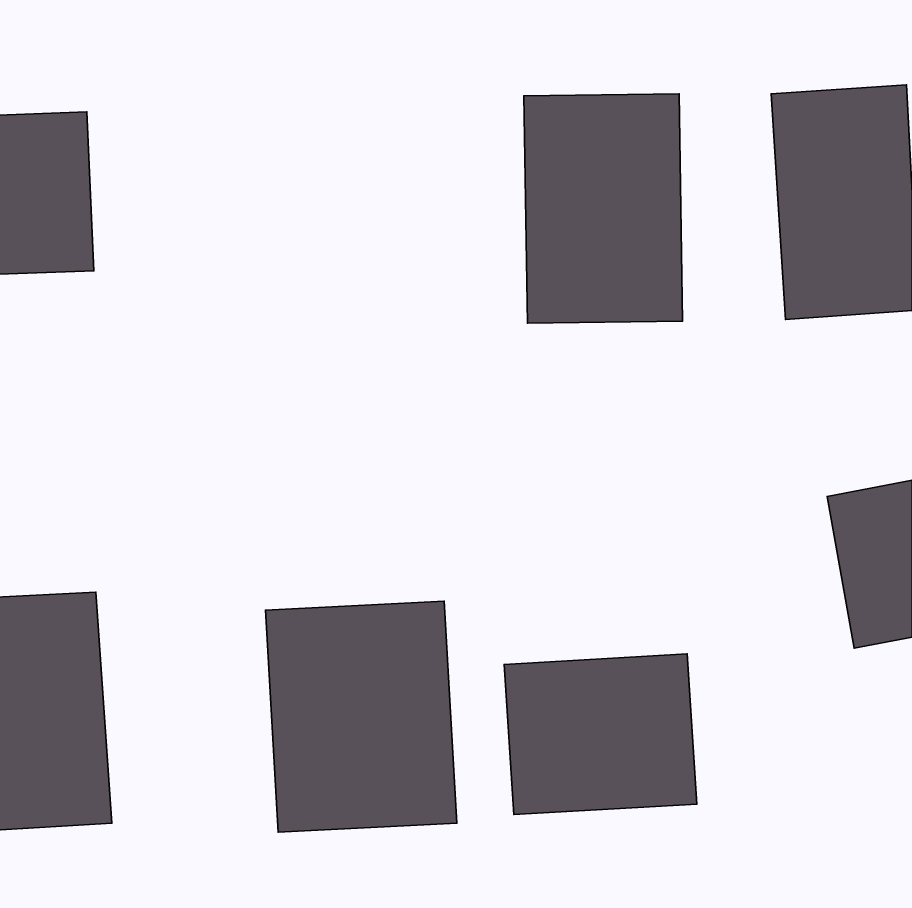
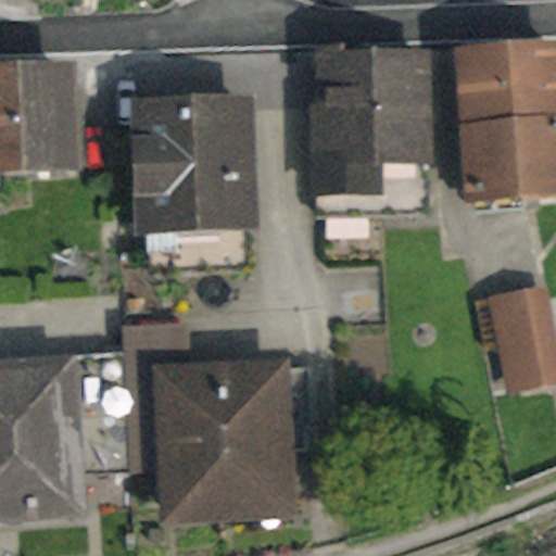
building: none -> [137,108,232,235]
building: [504,654,697,815] -> none

